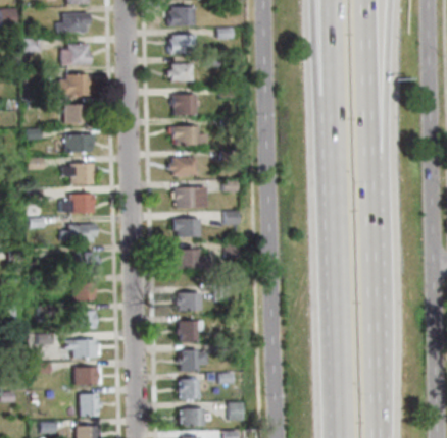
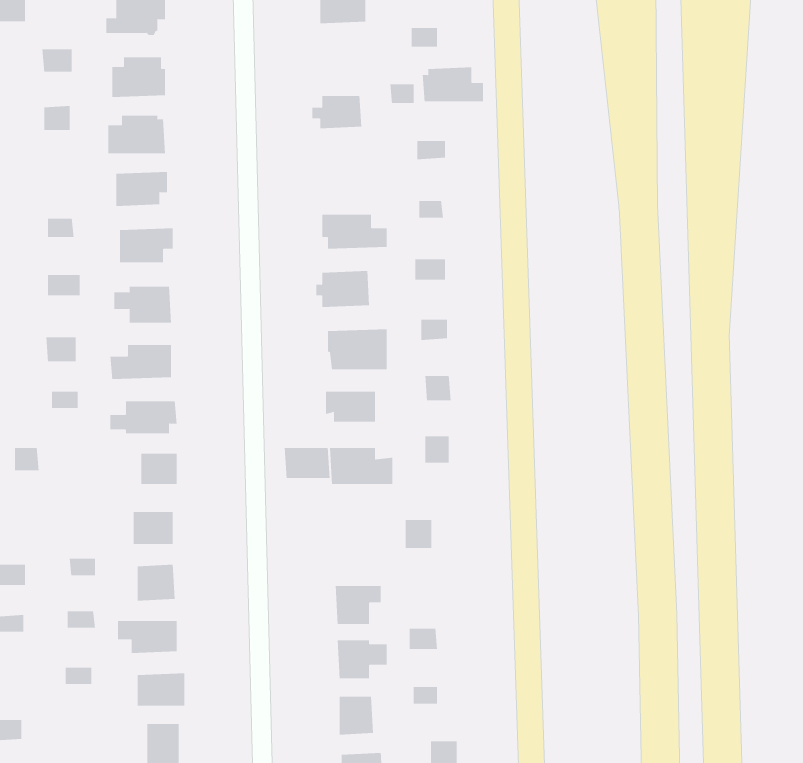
building: [169,36,202,54] -> [422,67,484,102]
building: [172,93,196,114] -> none
building: [178,292,202,309] -> [284,447,330,479]

